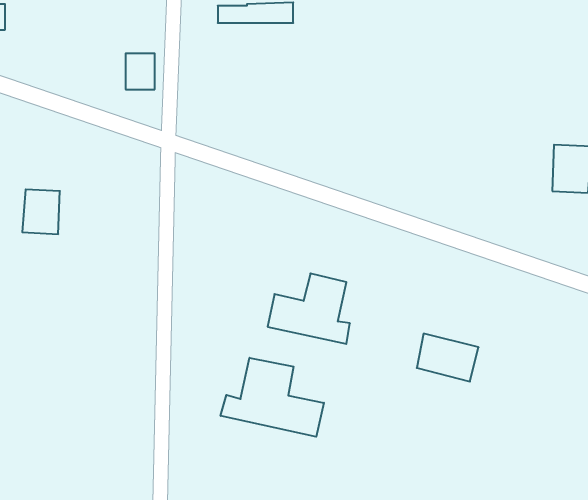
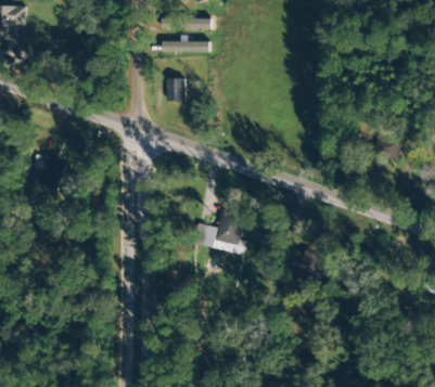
building: [126,53,155,89] -> [168,78,187,101]
building: [221,358,324,437] -> none

